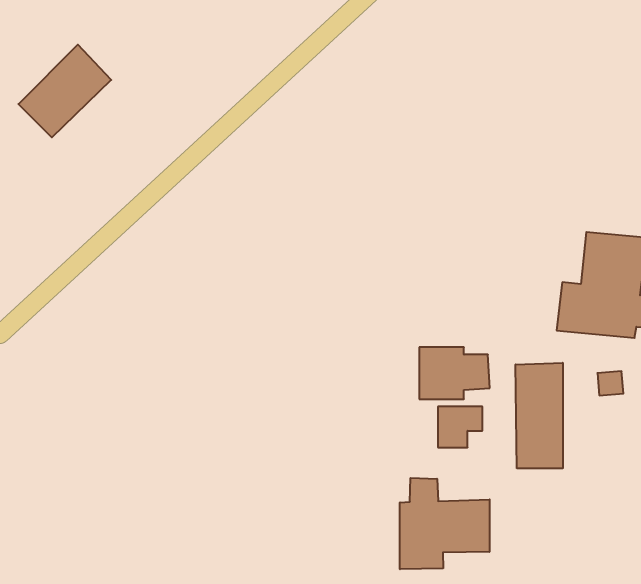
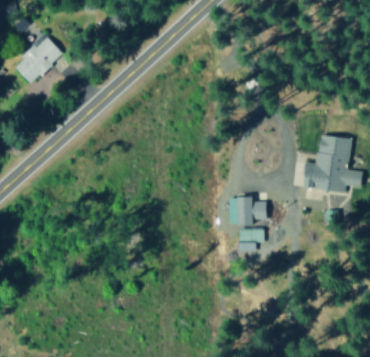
building: [516,363,563,468] -> none
building: [400,478,490,569] -> none

